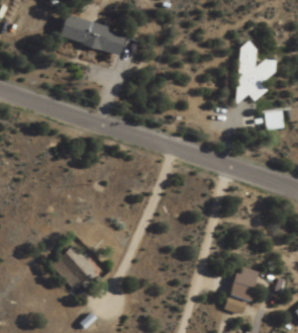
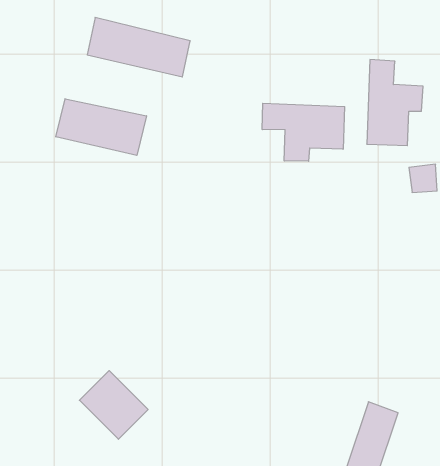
building: none -> [56,99,146,155]
building: none -> [262,103,345,161]

